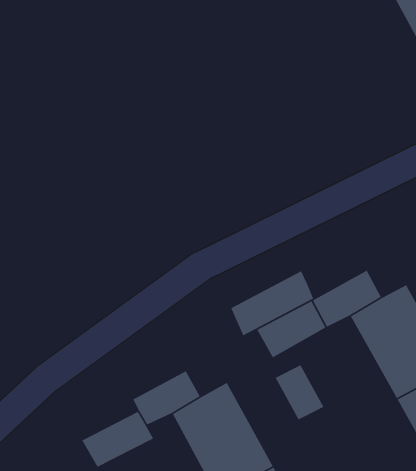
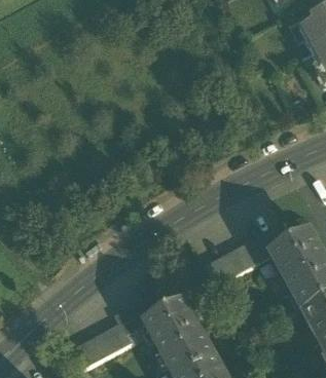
building: [230,270,314,336] -> none
building: [274,364,325,420] -> none

